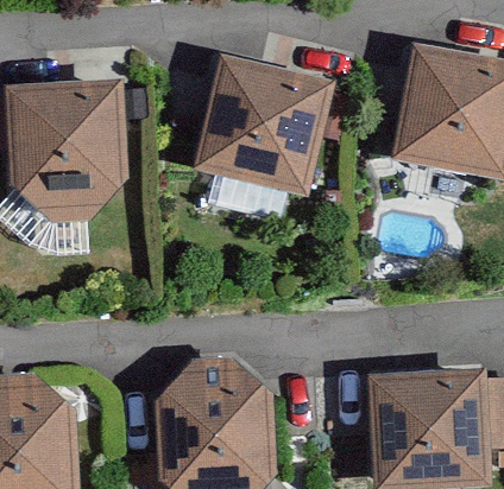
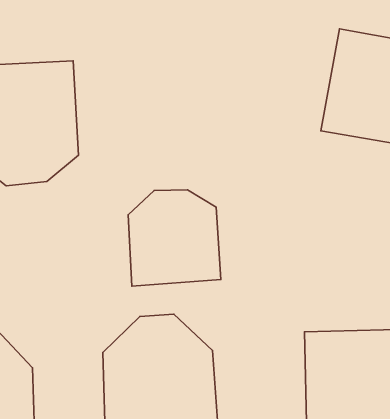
building: [194,59,329,196] -> none
building: none -> [128,190,221,286]

